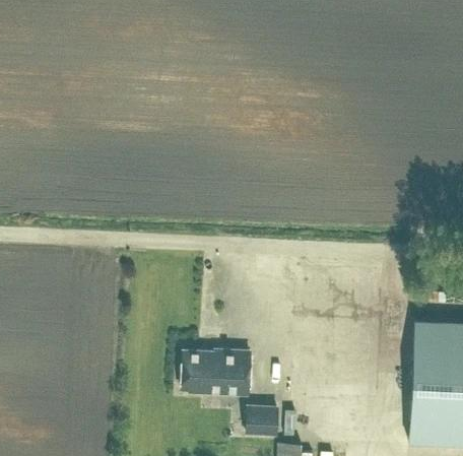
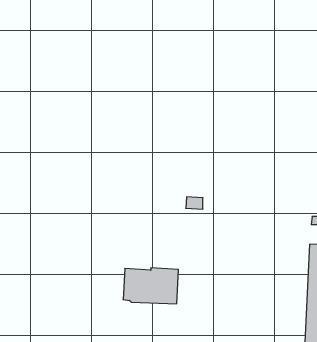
building: [247,407,278,435] -> none

